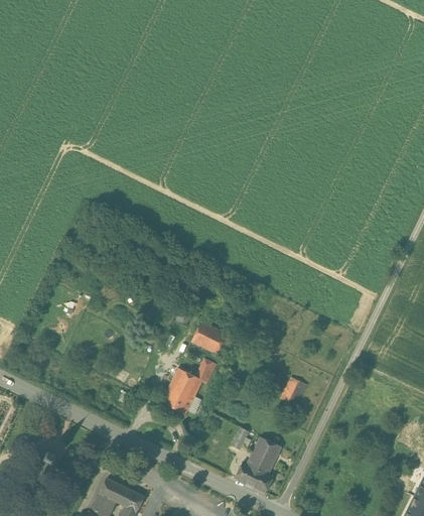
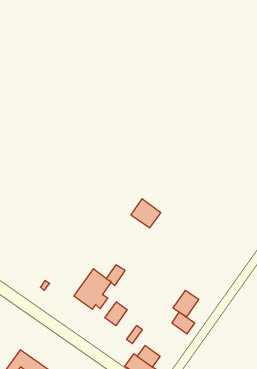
building: [190,320,226,354] -> [131,199,161,228]
building: none -> [105,302,127,326]
building: [254,435,281,460] -> [172,312,195,334]

